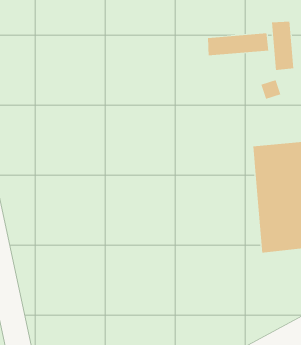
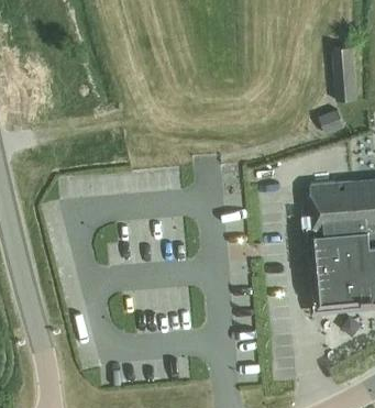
building: [207,33,269,56] -> none

